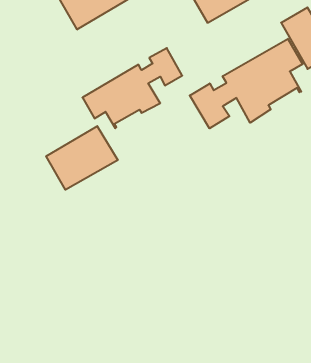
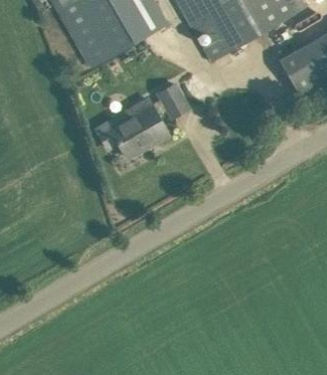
building: [190,39,303,128] -> none
building: [46,126,118,190] -> none

